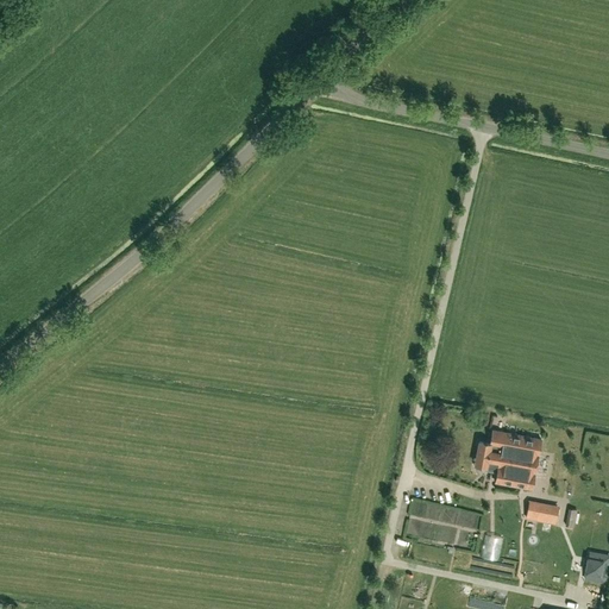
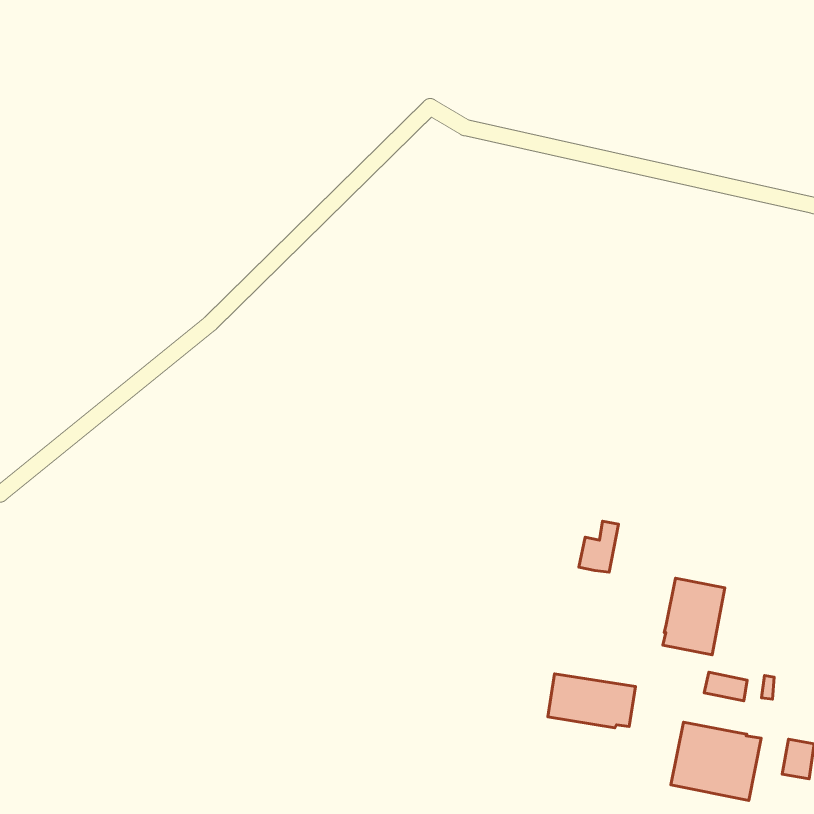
building: [475,429,504,467] -> [579,521,619,572]
building: none -> [671,722,761,801]

